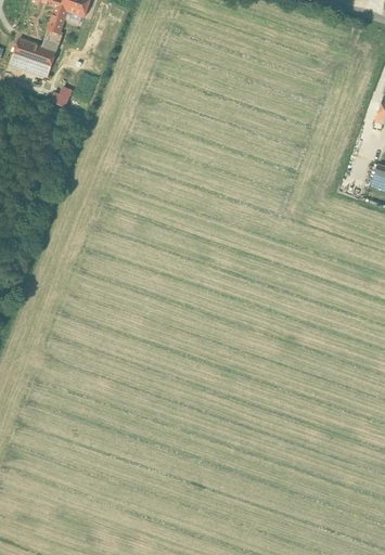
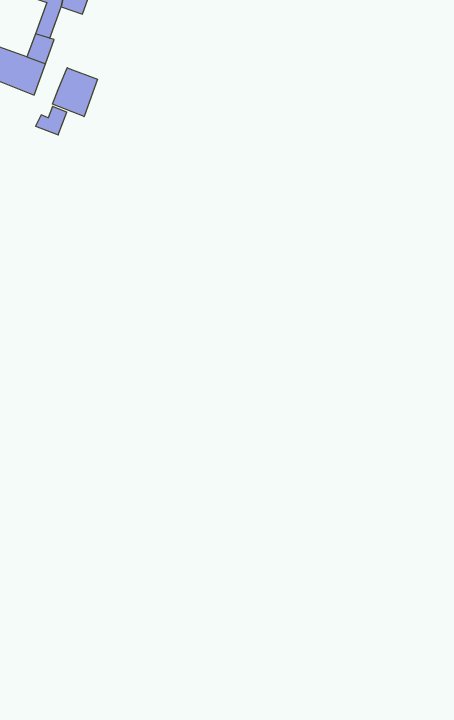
building: none -> [53,68,98,117]

